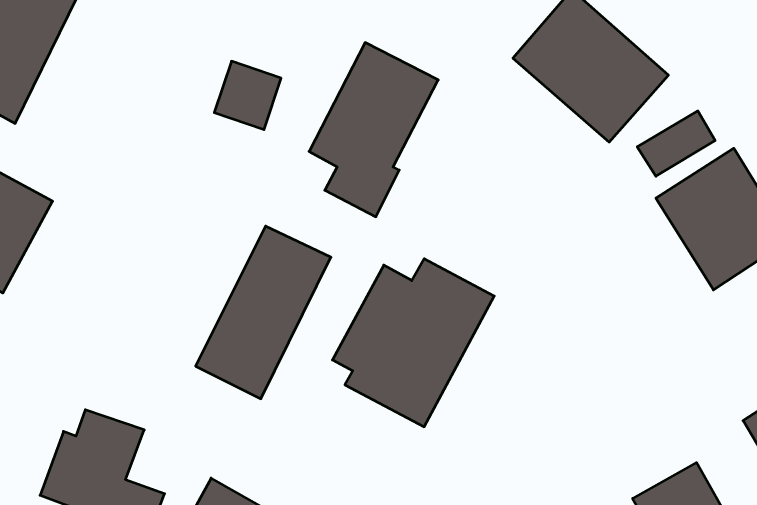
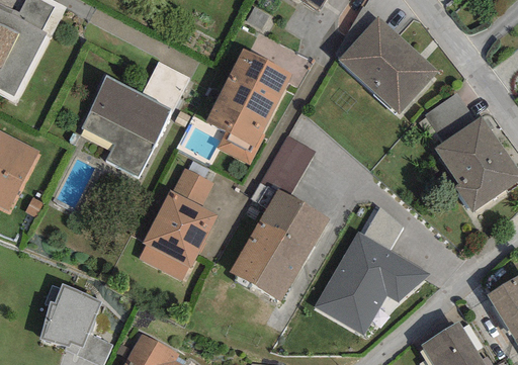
building: none -> [84,79,173,172]
building: none -> [264,134,314,194]
building: none -> [316,205,427,336]

